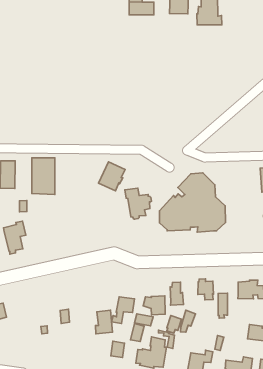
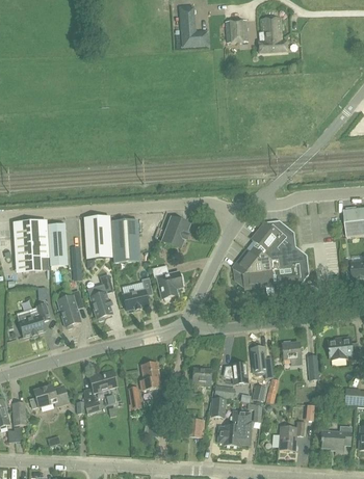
building: none -> [109,220,139,263]
building: [125,188,151,219] -> [151,265,182,300]
building: none -> [86,274,112,321]
building: none -> [122,277,151,313]
building: none -> [83,370,118,414]
building: [96,310,113,334] -> [140,362,160,390]

